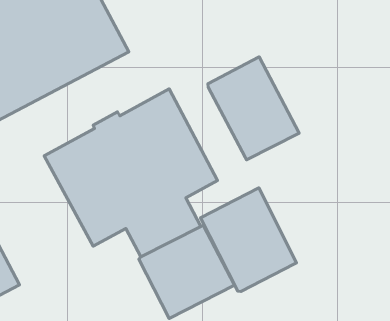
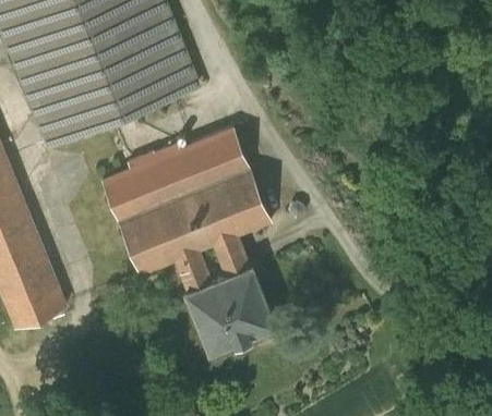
building: [208,57,299,160] -> none
building: [200,188,296,291] -> none

